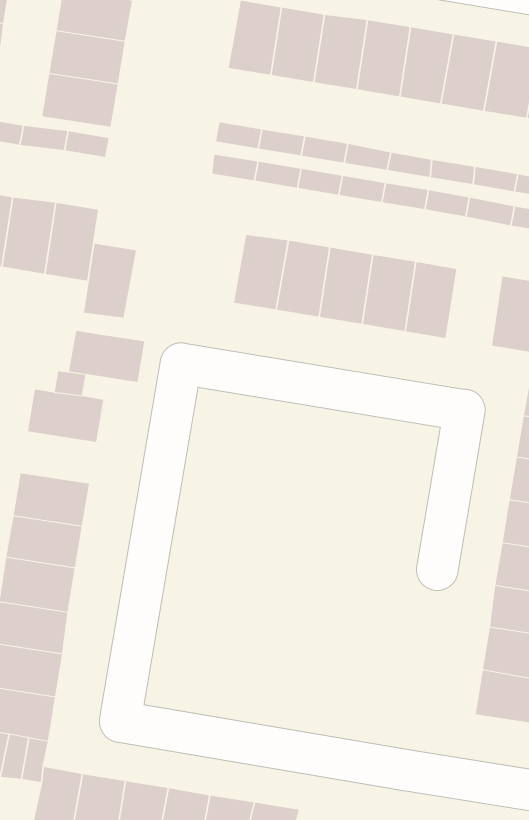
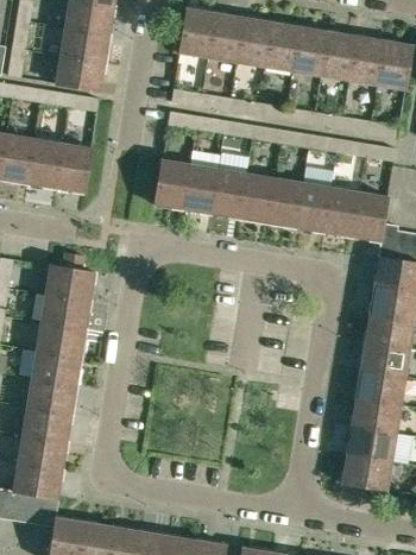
building: [83,243,137,318] -> [155,158,190,208]
building: none -> [323,185,360,236]
building: [68,330,145,382] -> [40,294,92,328]

